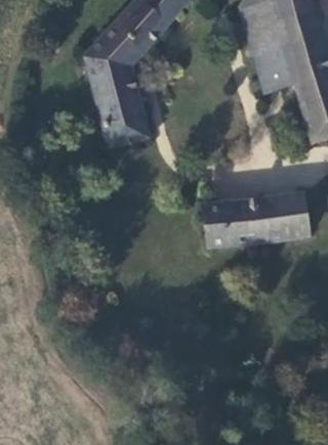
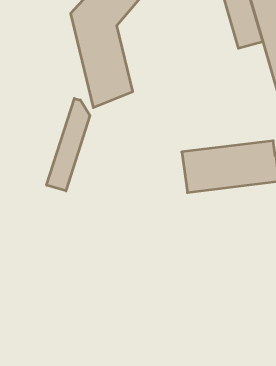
building: none -> [47,98,90,191]

